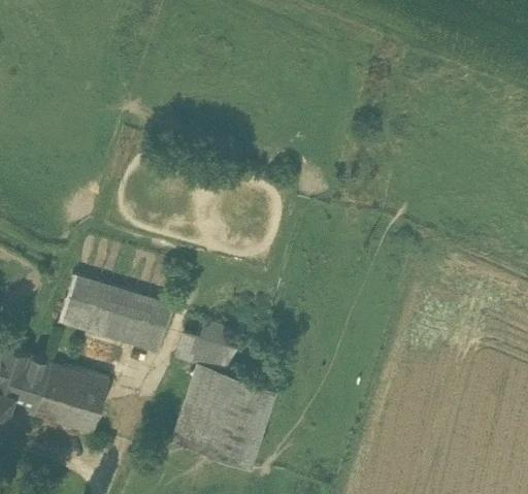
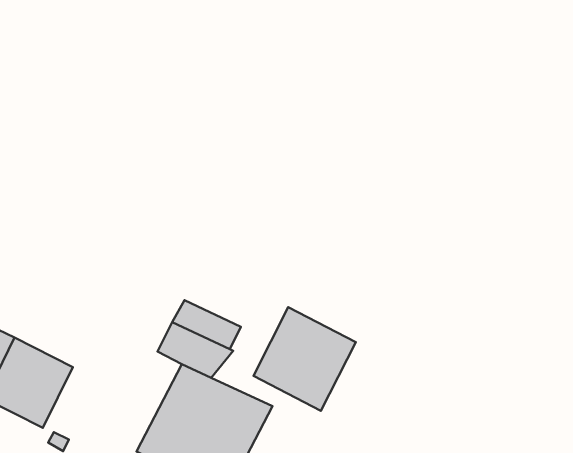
building: [59,274,173,351] -> none
building: none -> [254,307,356,411]

